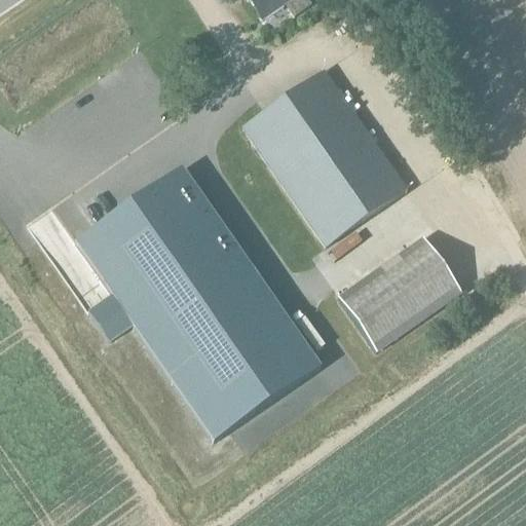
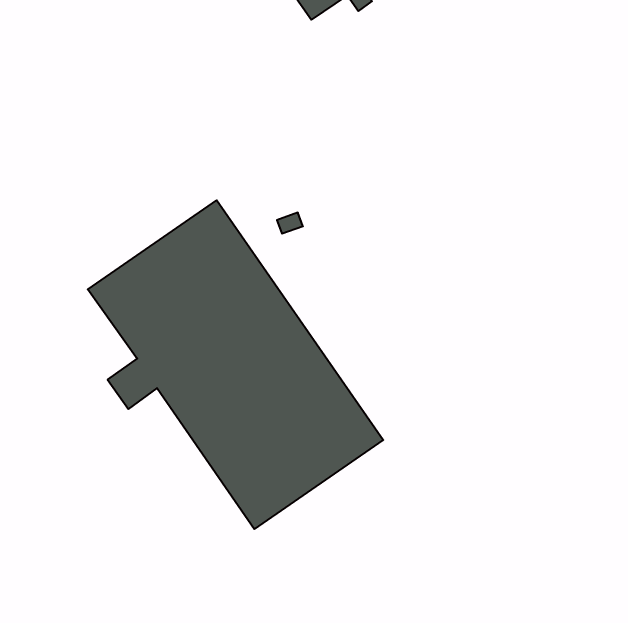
building: [242,68,407,245] -> none
building: [338,235,461,350] -> none

